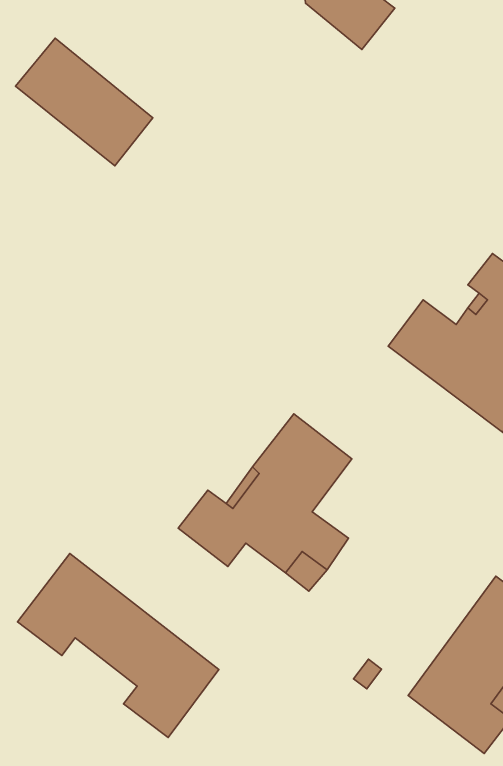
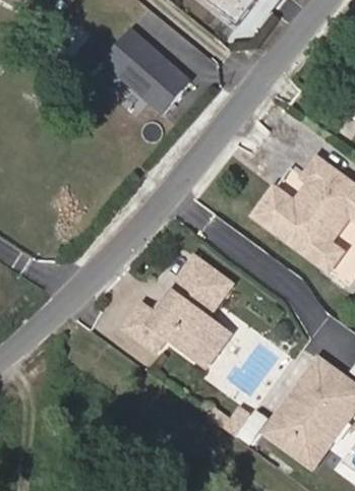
building: [16,38,153,166] -> [108,32,192,110]
building: [17,554,219,737] -> none

